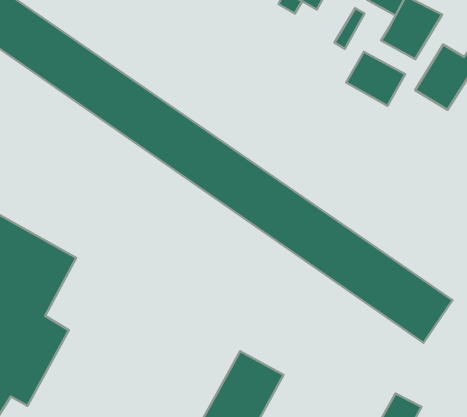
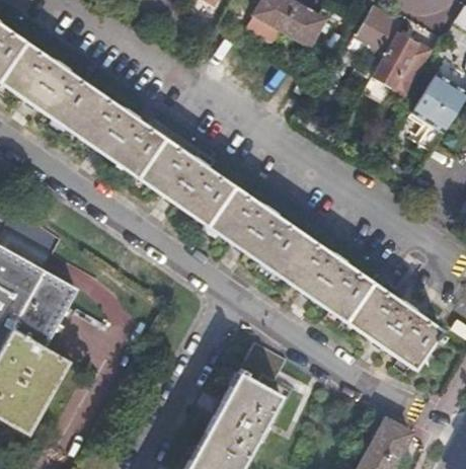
building: [346,52,405,106] -> none

